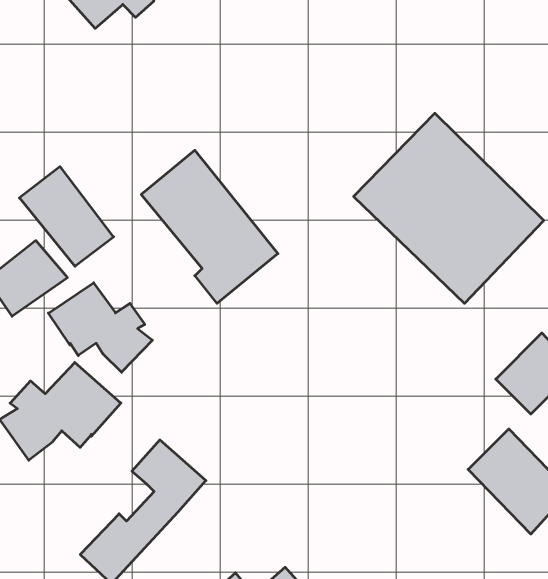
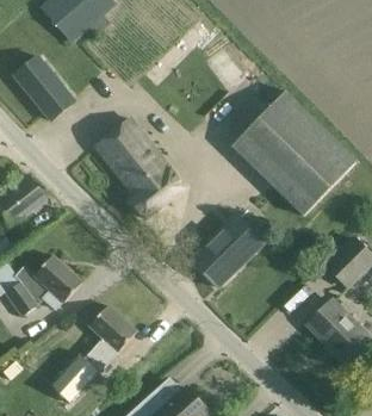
building: [19,167,114,266] -> [13,51,74,116]
building: [48,283,152,372] -> none
building: none -> [191,215,264,287]

